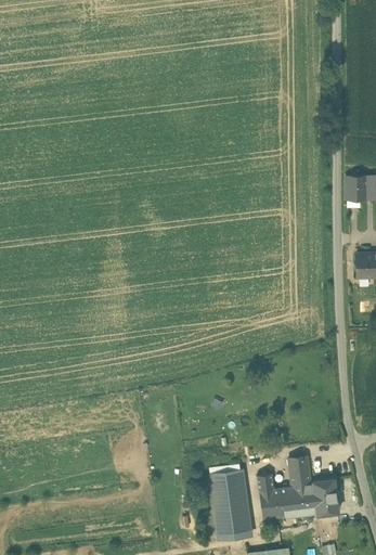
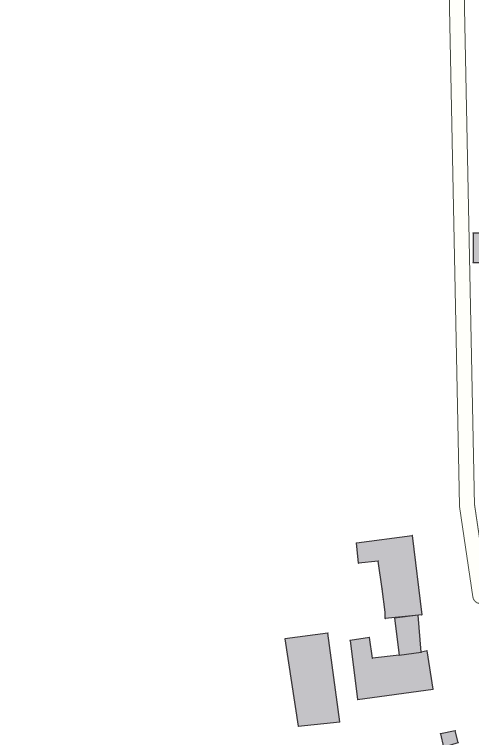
building: none -> [356,535,422,619]
building: [314,478,338,512] -> none

